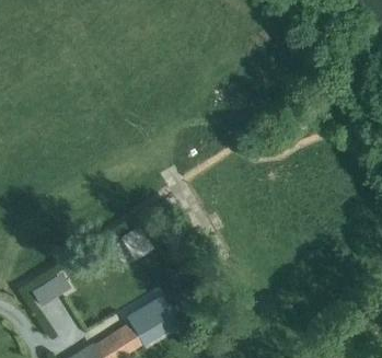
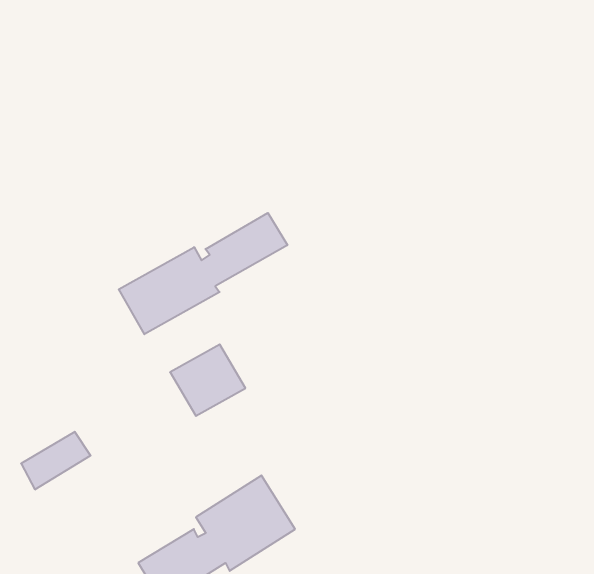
building: none -> [119,213,287,334]

